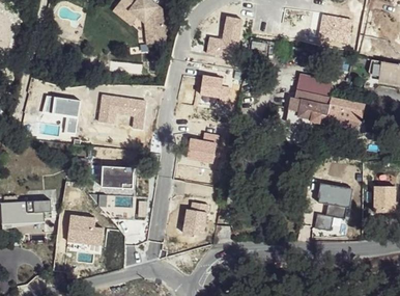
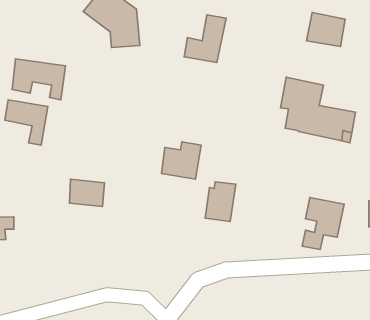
building: [199,73,231,100] -> none
building: [97,92,146,130] -> [12,59,65,100]
building: [180,201,208,238] -> [205,182,236,221]
building: [67,213,104,244] -> none

